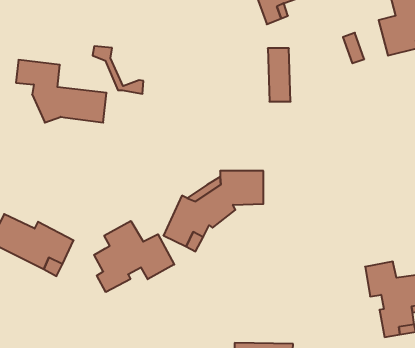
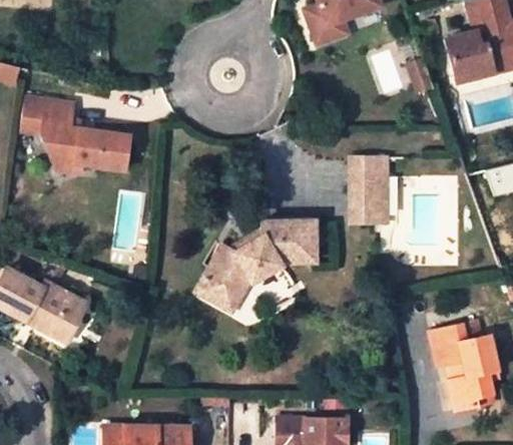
building: [93,46,143,94] -> [19,115,79,171]
building: [268,48,291,102] -> [349,158,376,221]
building: [94,221,174,292] -> none

